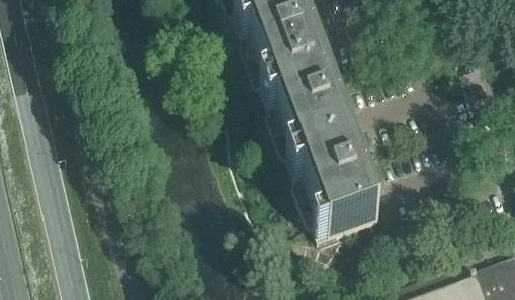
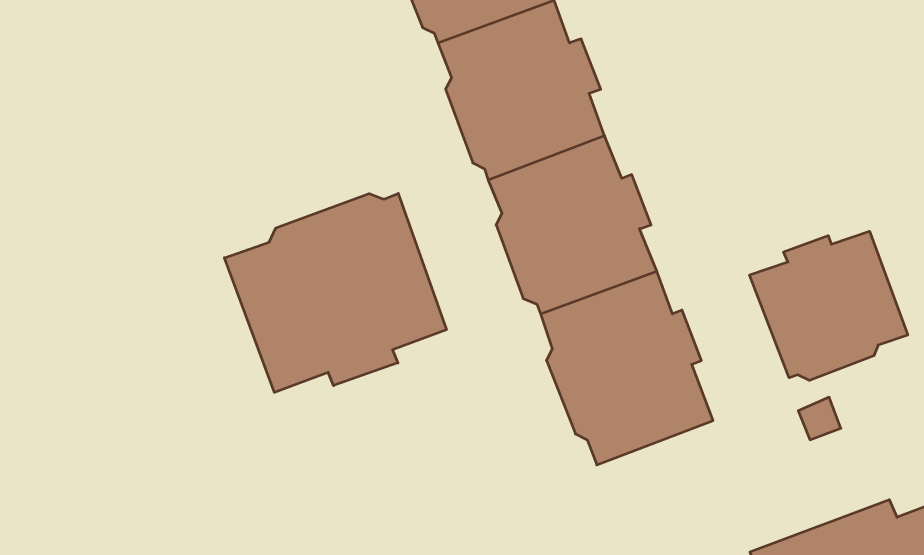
building: none -> [224,193,446,392]
building: none -> [750,231,908,380]

